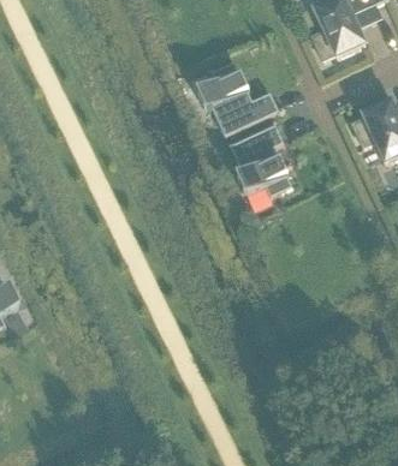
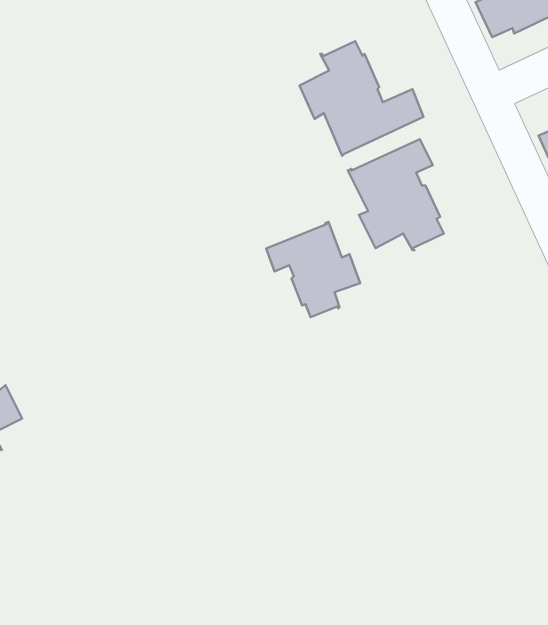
building: none -> [266,222,360,317]

